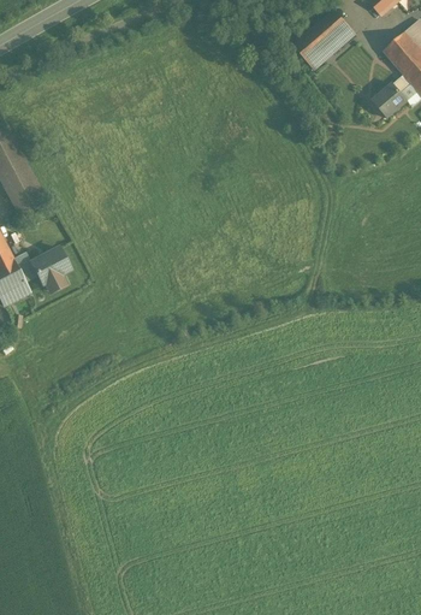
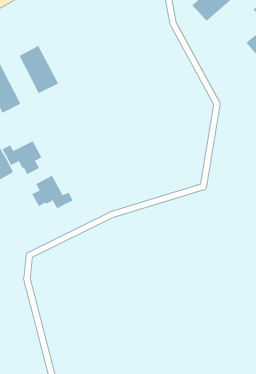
building: none -> [19,45,59,94]
building: none -> [32,175,74,209]

